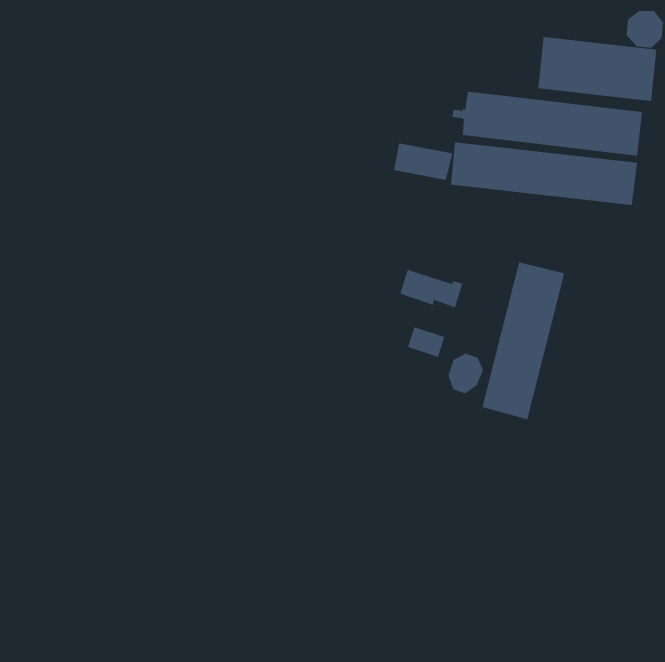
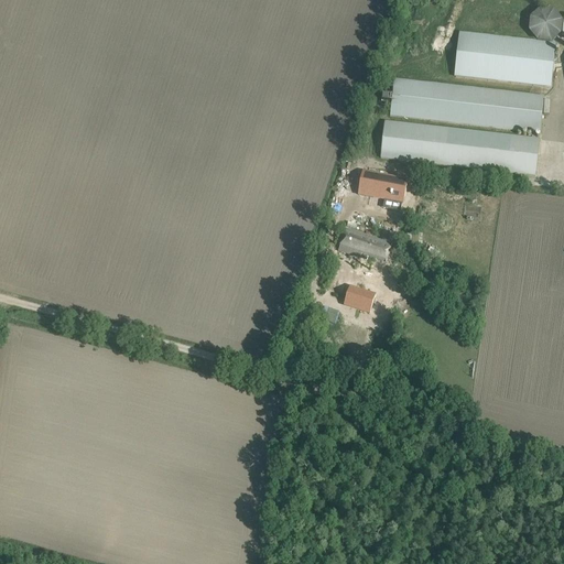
building: [393,143,453,181] -> [357,169,408,200]
building: [482,261,565,420] -> none
building: [448,353,484,394] -> none

